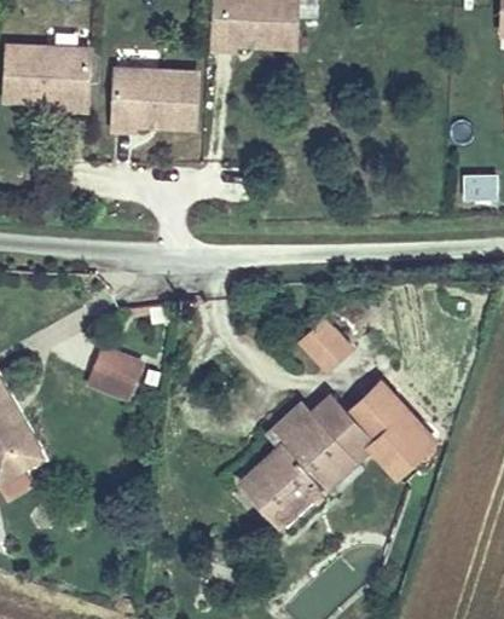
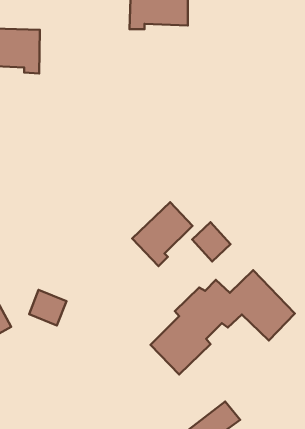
building: [111,68,195,128] -> none
building: none -> [132,202,193,266]
building: [88,349,140,399] -> [29,290,66,326]

